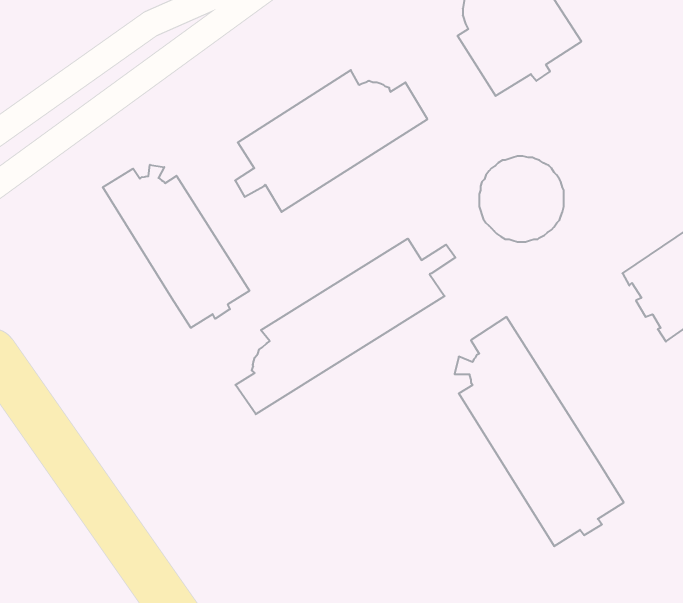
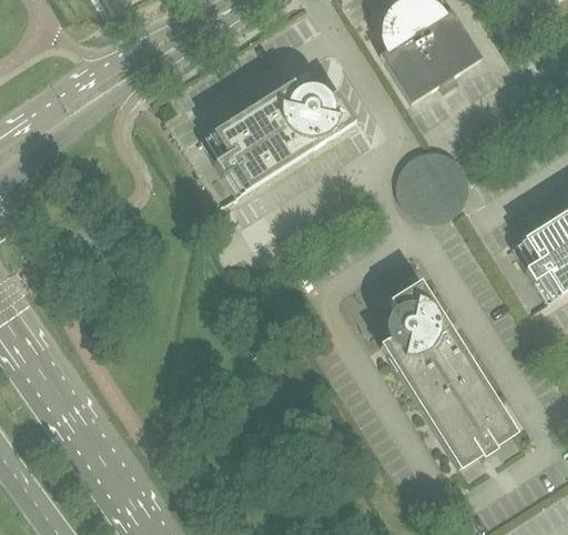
building: [103,165,249,328] -> none
building: [235,239,455,414] -> none

